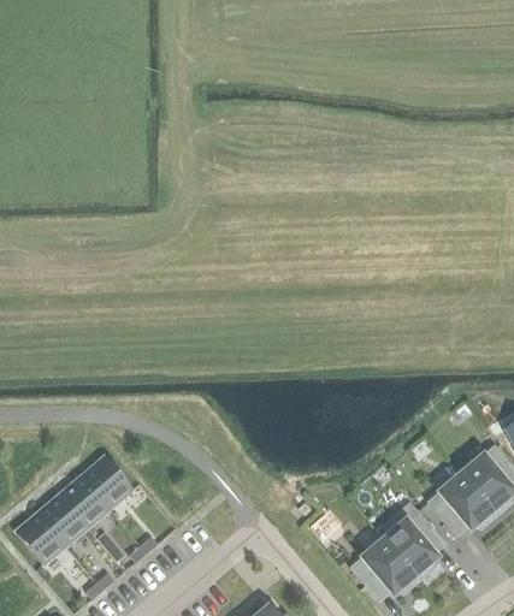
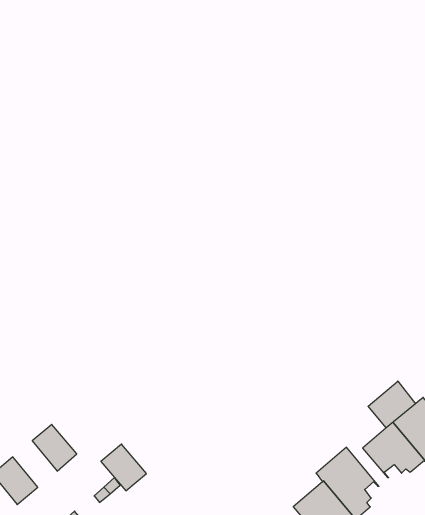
building: none -> [368,381,416,428]
building: [79,456,130,508] -> [101,444,146,491]
building: [36,493,85,545] -> none

